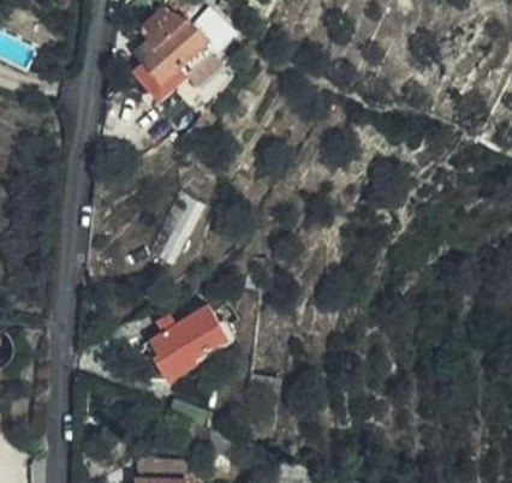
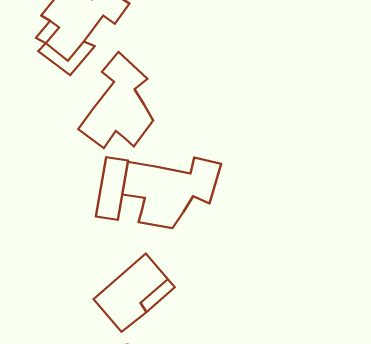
building: none -> [78,52,153,148]
building: none -> [122,157,221,228]

